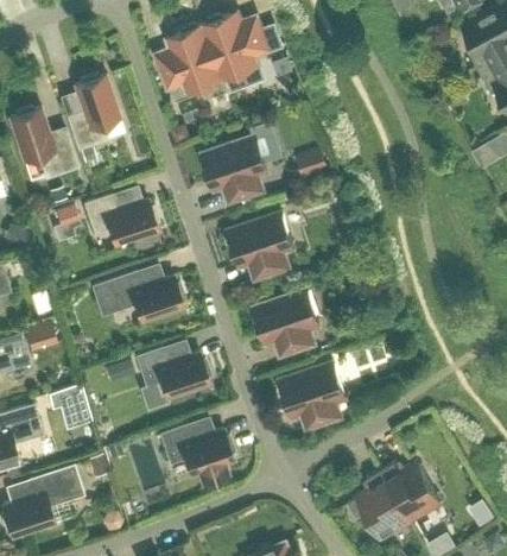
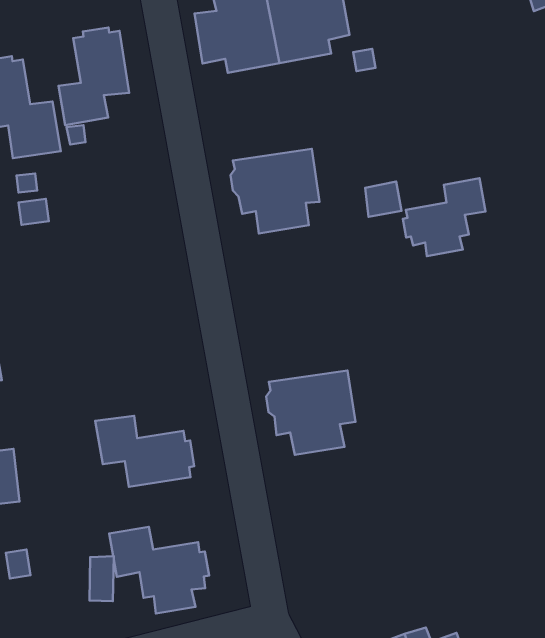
building: none -> [403,178,485,256]
building: [84,195,159,246] -> none
building: [228,213,294,279] -> none
building: [91,271,185,322] -> none
building: [280,364,347,430] -> none

